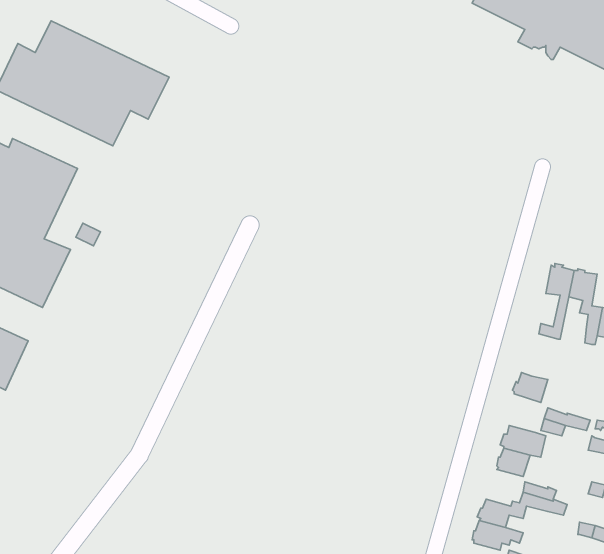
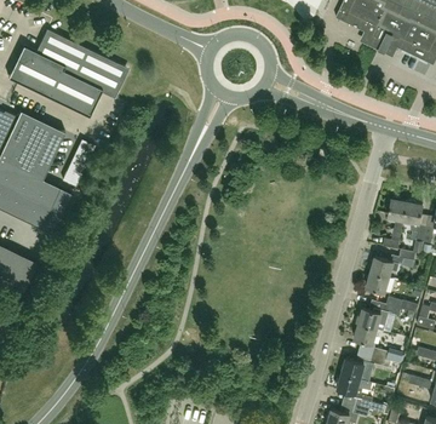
building: none -> [369,250,419,277]

